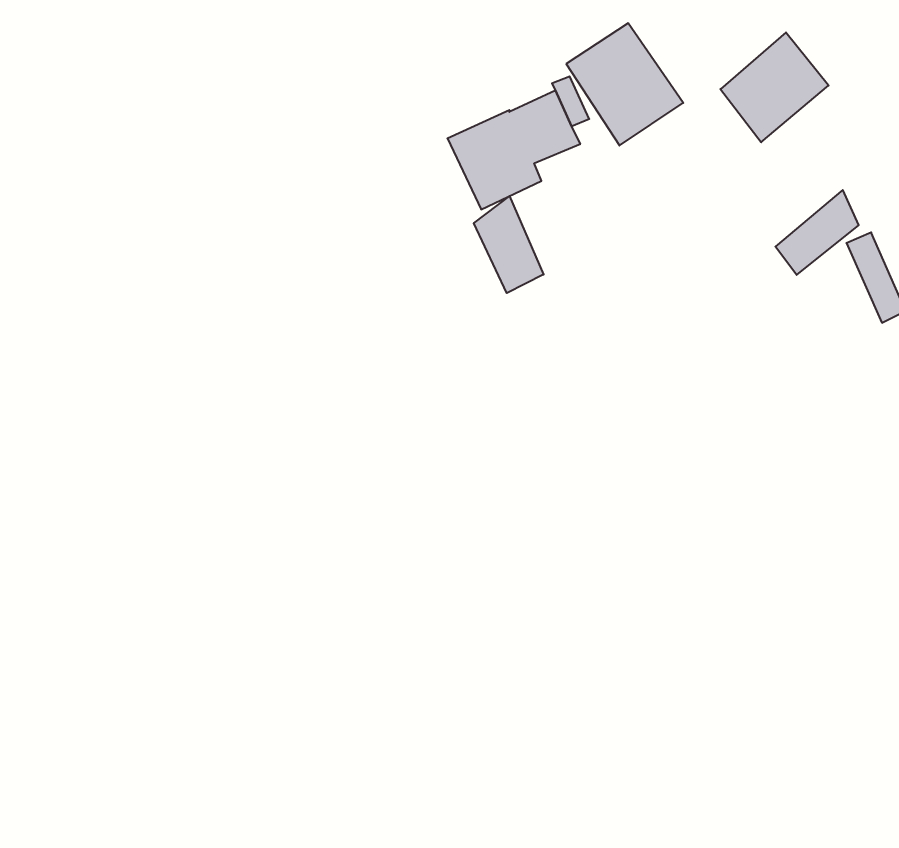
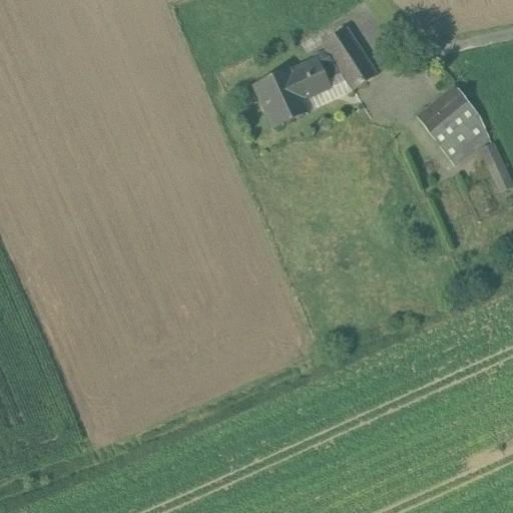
building: [720,32,829,142] -> [417,85,478,147]
building: [474,196,544,293] -> none

